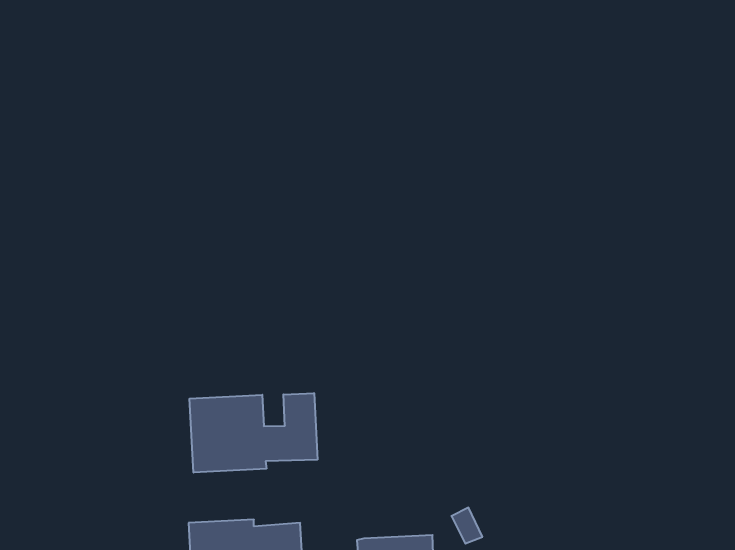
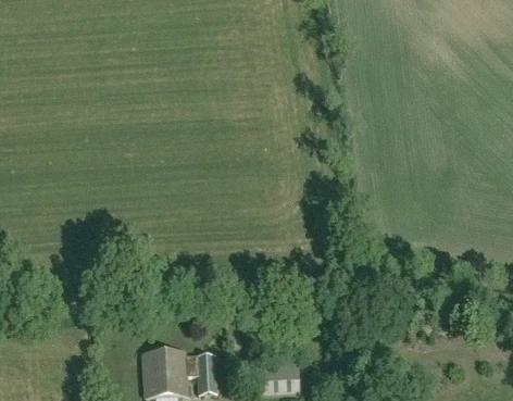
building: [190,393,317,473] -> none

